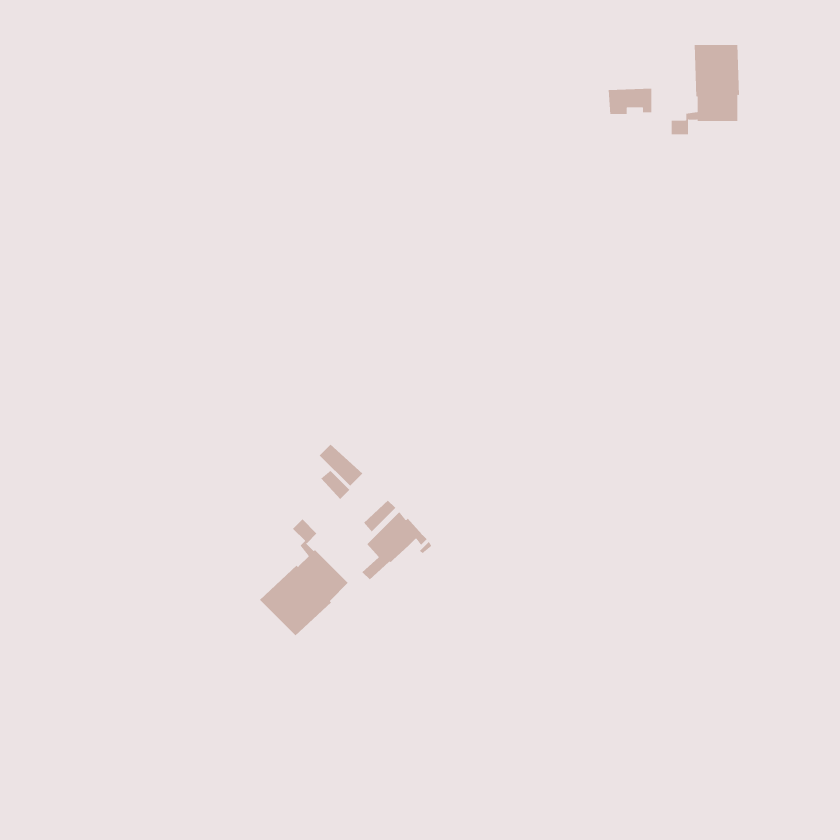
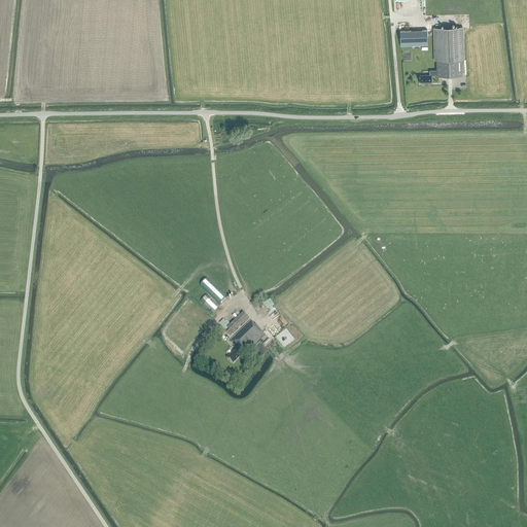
building: [608,88,652,115] -> [399,30,427,46]
building: [259,519,349,636] -> none

